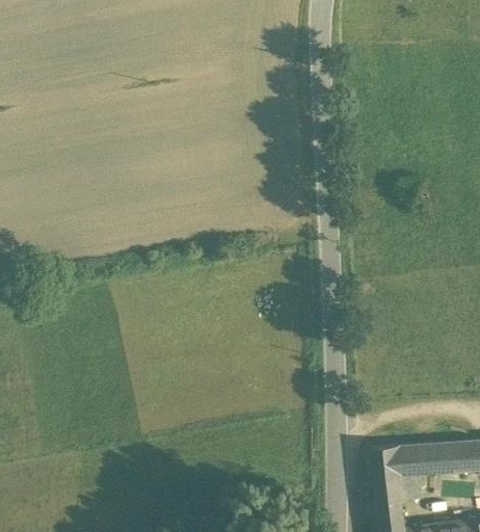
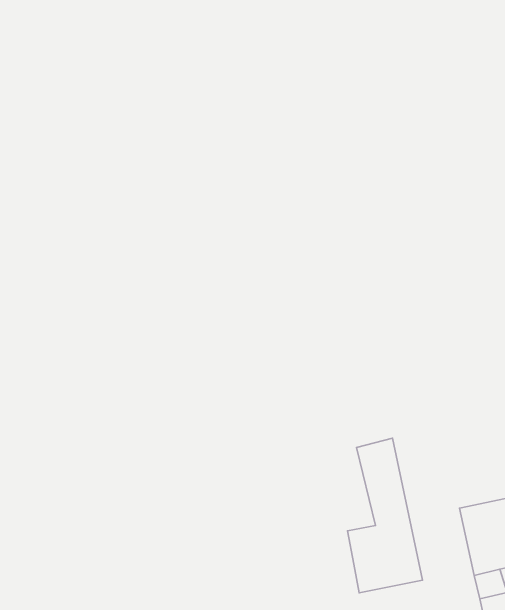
building: none -> [347,438,423,593]

